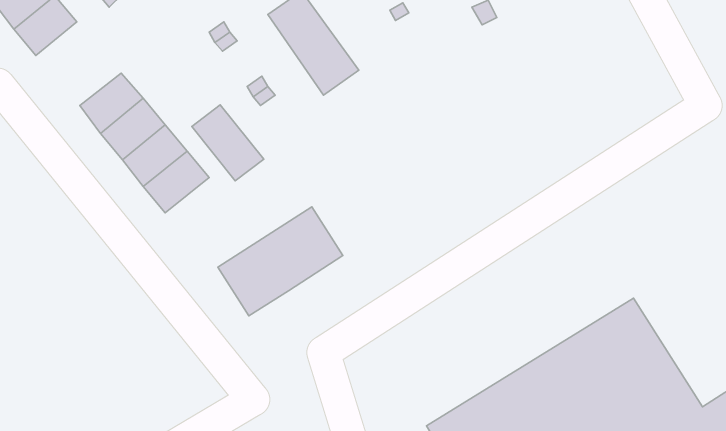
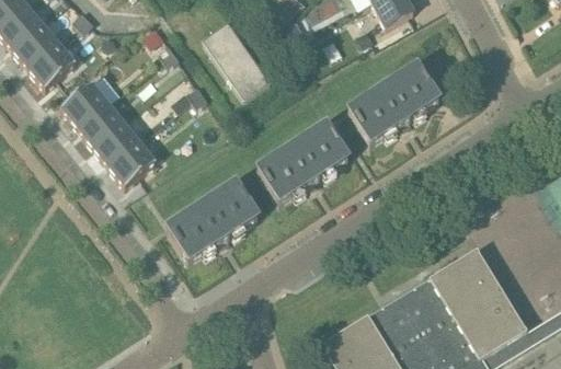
building: none -> [30,42,77,85]
building: none -> [347,64,439,142]
building: [192,105,264,181] -> none
building: none -> [256,122,348,201]

